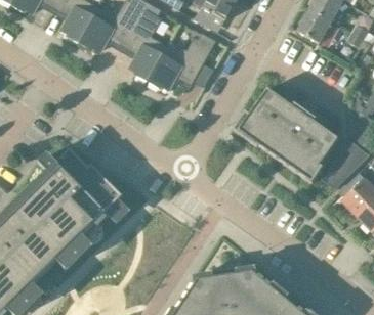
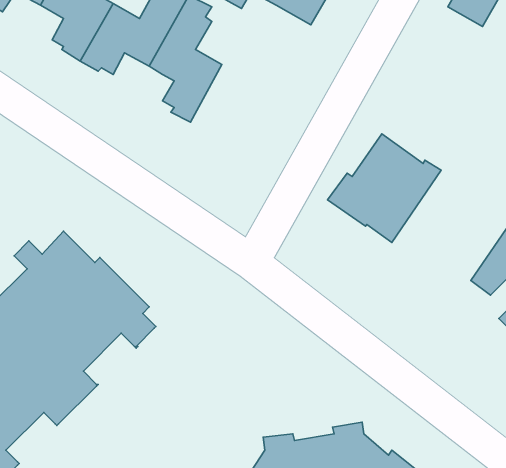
building: [296,9,330,43] -> none
building: [149,32,216,89] -> none
building: [274,110,339,183] -> none

